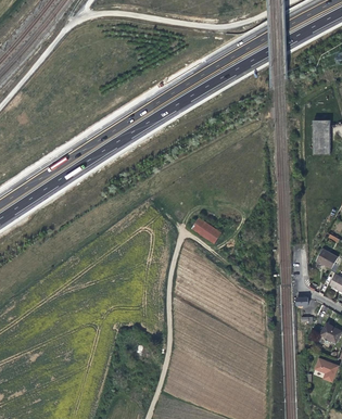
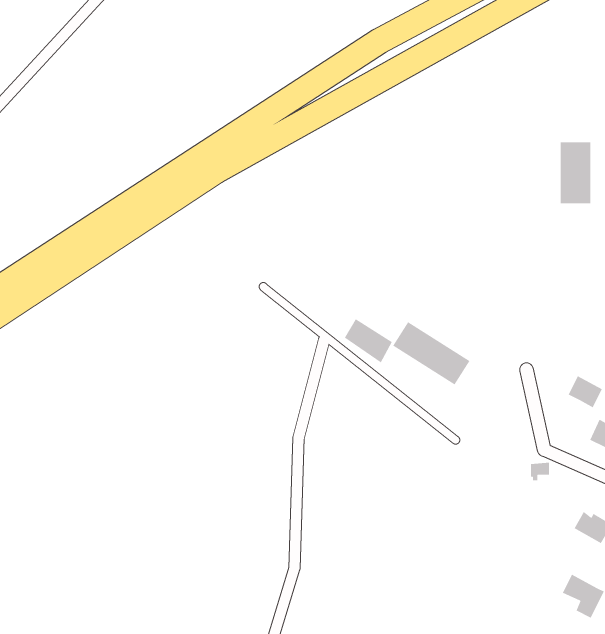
building: none -> [392,321,470,385]

